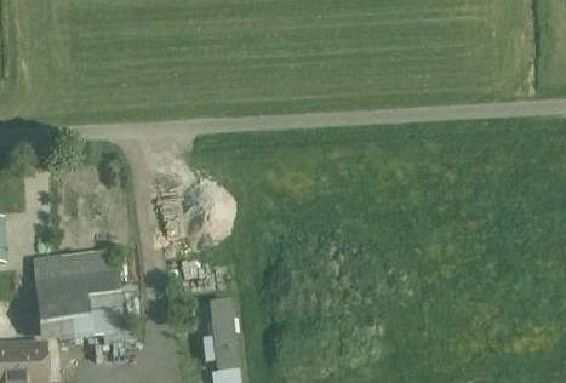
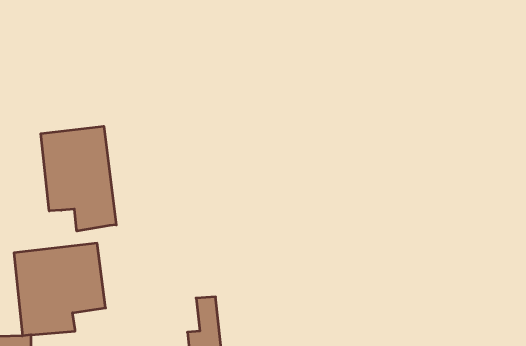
building: none -> [41,126,116,231]

